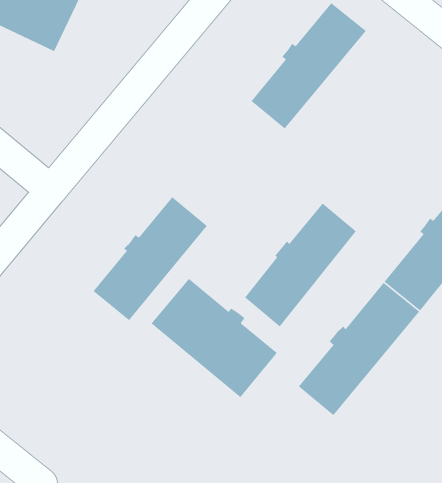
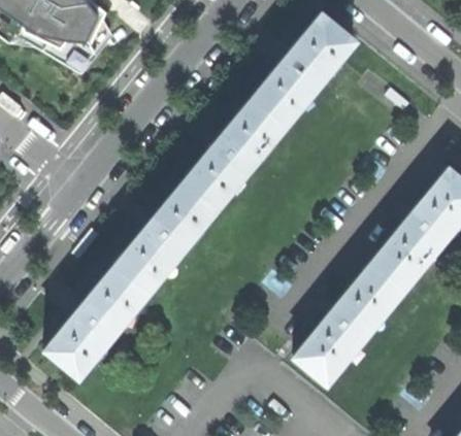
building: [244,203,357,327] -> [187,103,285,211]
building: [150,278,278,398] -> none
building: none -> [50,268,150,377]

